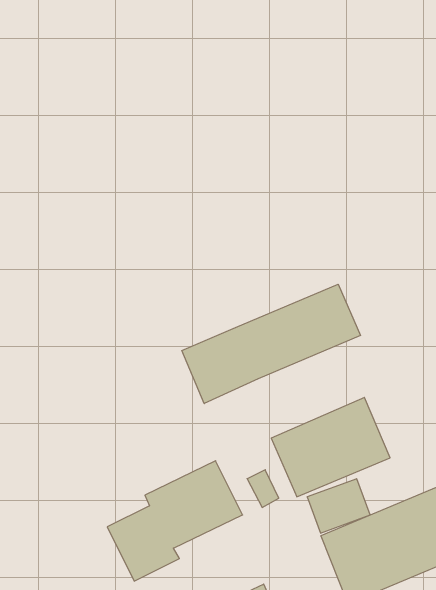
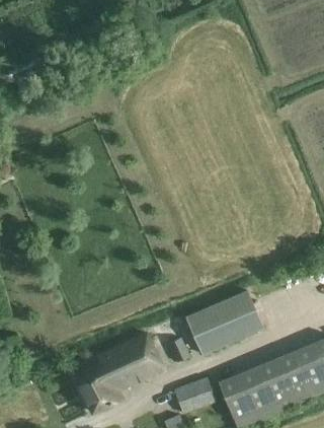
building: [182,284,361,404] -> none
building: [307,479,370,533] -> [174,377,217,414]

